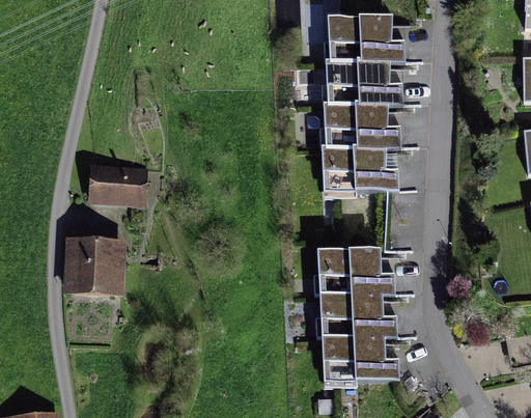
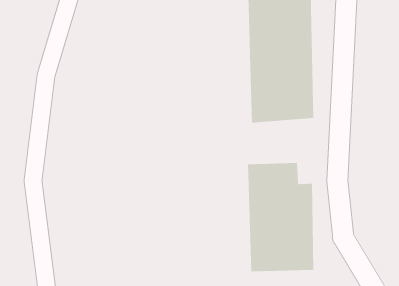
building: [87,163,143,204] -> none
building: [65,236,120,297] -> none

